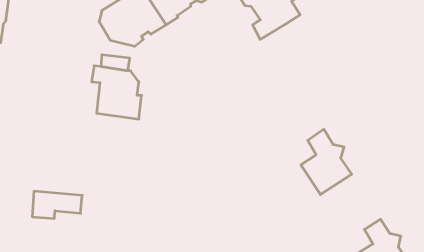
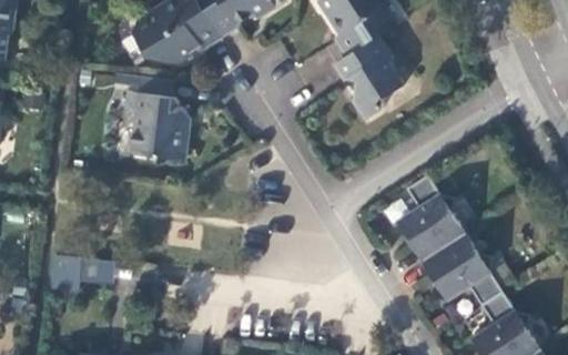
building: none -> [335,37,402,120]
building: none -> [424,233,503,305]

